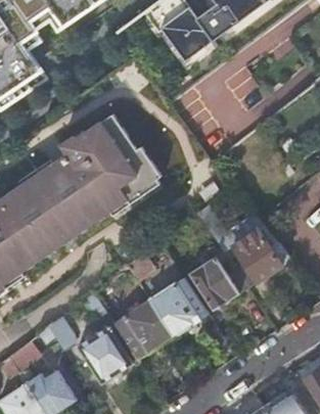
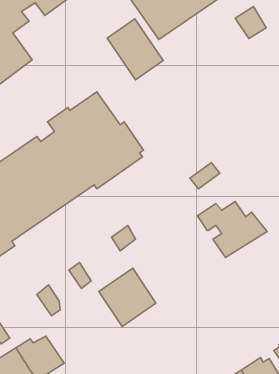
building: none -> [107,19,163,80]
building: [189,246,248,310] -> none
building: [150,276,210,335] -> none
building: [78,326,133,382] -> none

